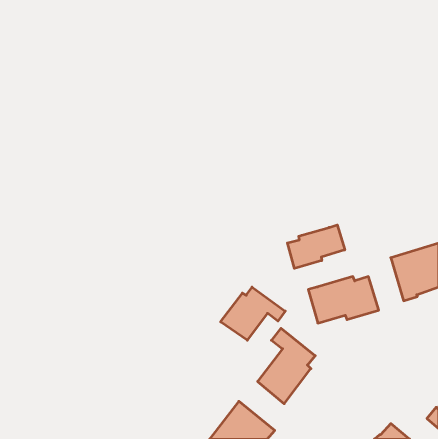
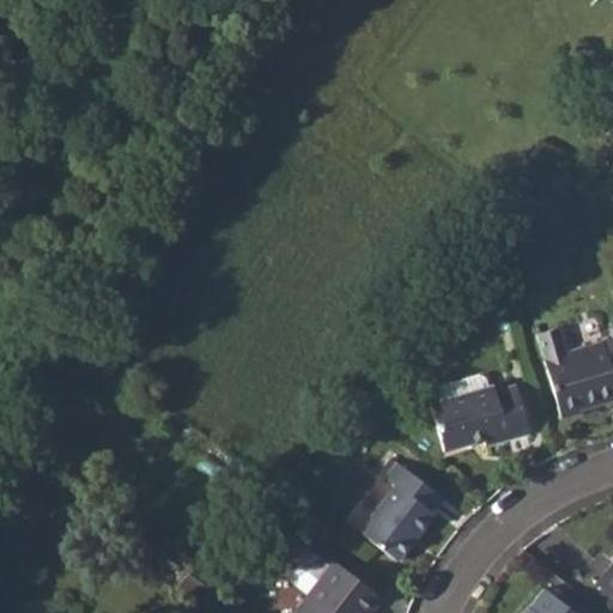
building: [287,225,345,268] -> none
building: [221,287,285,340] -> none

